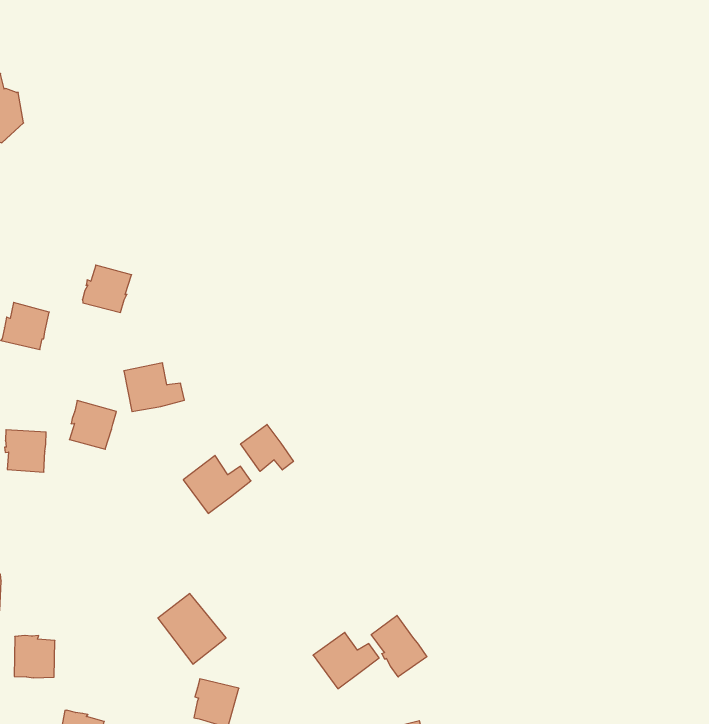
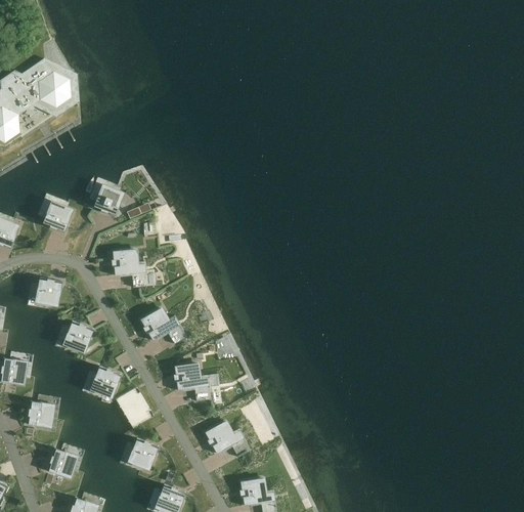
building: [69,401,116,449] -> [63,321,93,351]
building: [241,424,293,471] -> none
building: none -> [173,362,208,390]
building: none -> [91,366,120,396]
building: [371,615,427,677] -> none

